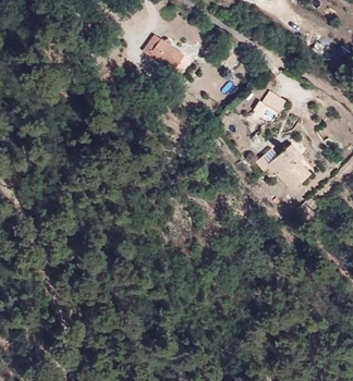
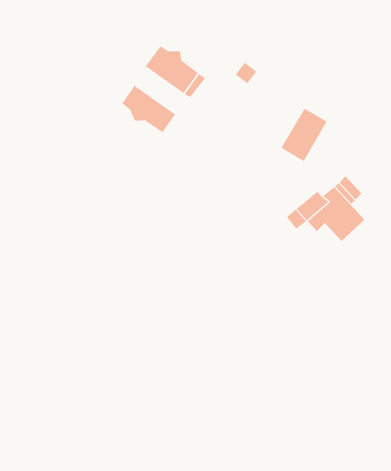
building: none -> [121,85,176,133]

